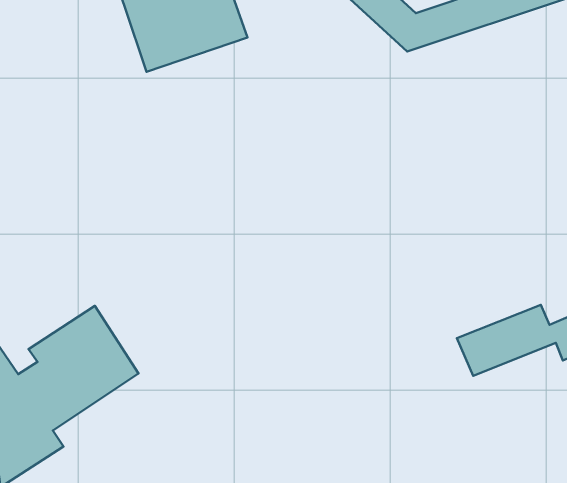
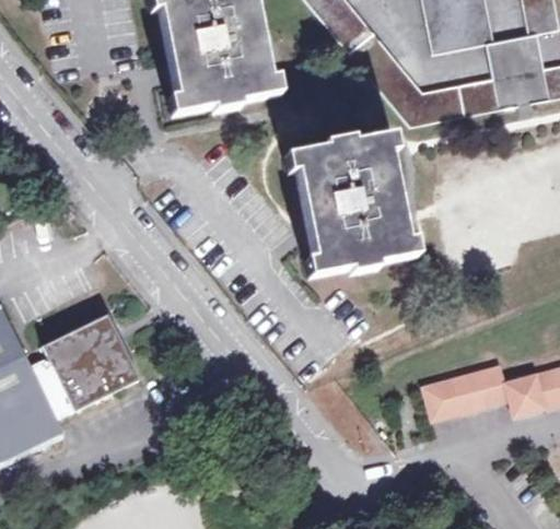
building: none -> [294,136,410,274]

